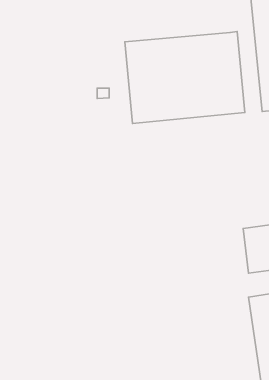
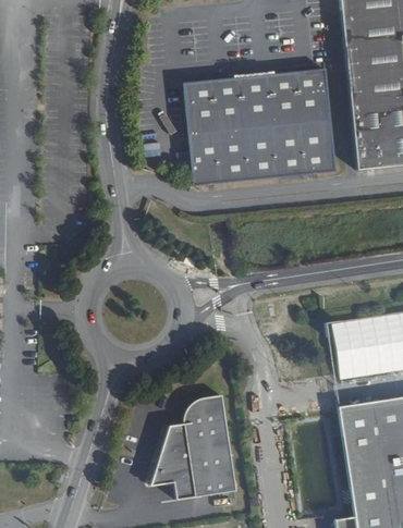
building: none -> [146,395,232,501]

